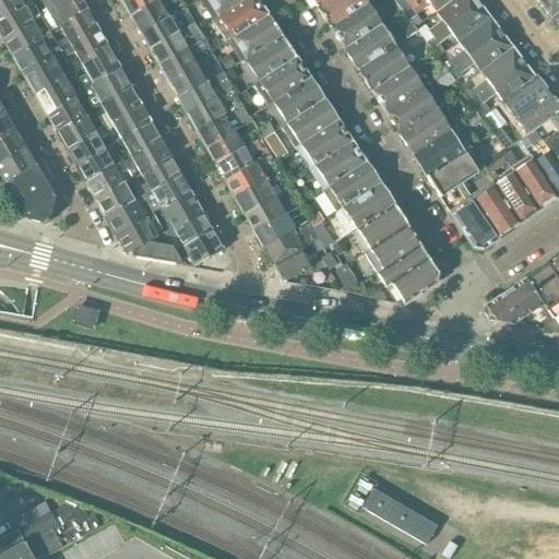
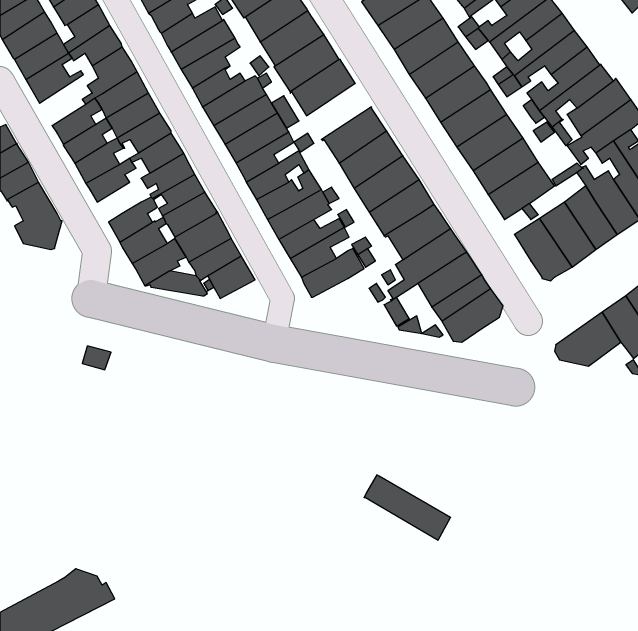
building: [36,68,79,112] -> none
building: [269,75,325,124] -> none
building: [86,157,130,197] -> none
building: [274,239,320,280] -> none
building: [361,486,437,543] -> [364,475,451,540]

